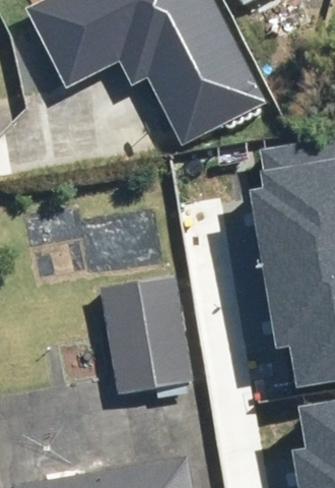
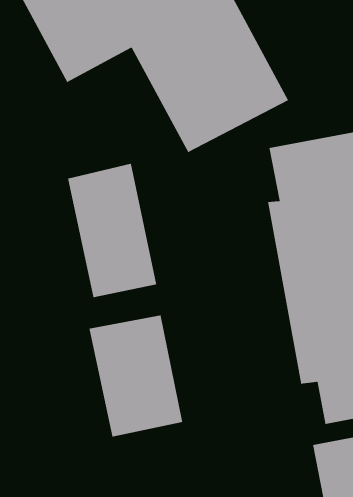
building: none -> [67,163,157,298]

